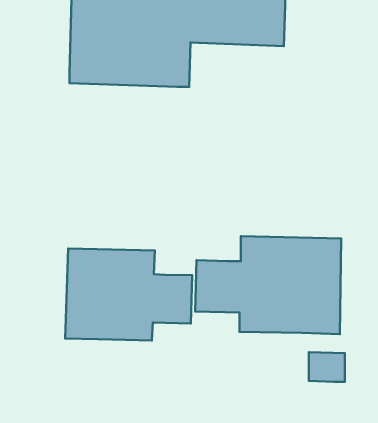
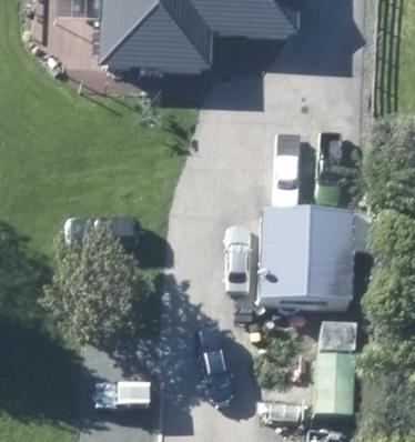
building: [65,249,192,341] -> none

